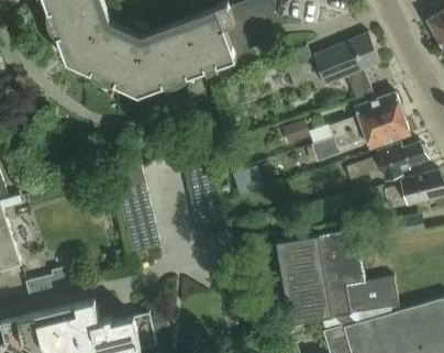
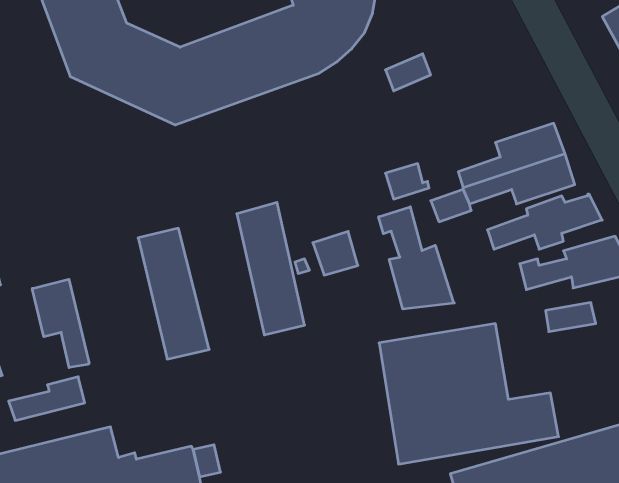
building: [312,32,379,100] -> none
building: none -> [379,207,454,309]
building: none -> [32,279,89,368]

